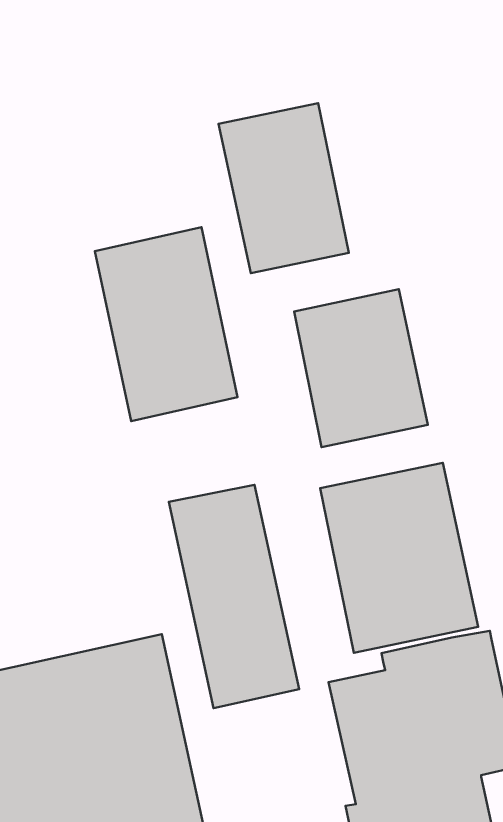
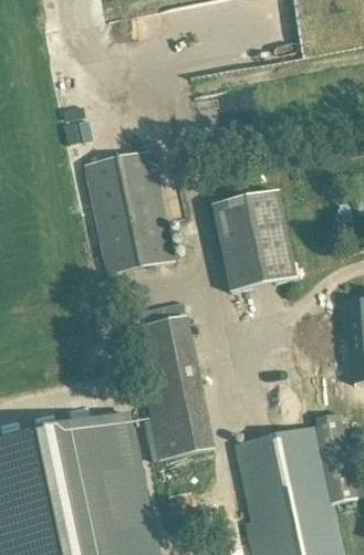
building: [219,103,349,273] -> none
building: [320,463,478,653] -> none

